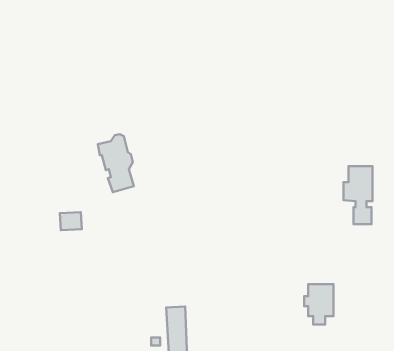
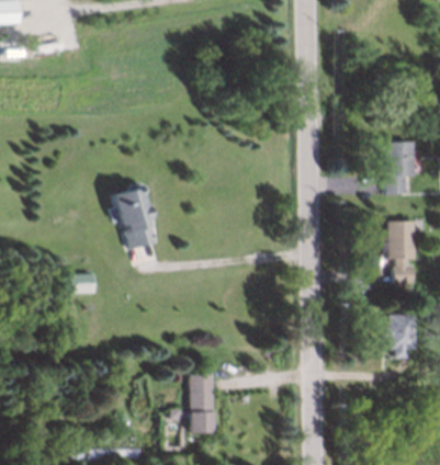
building: none -> [386,143,415,194]
building: [304,284,333,324] -> [384,315,416,359]

